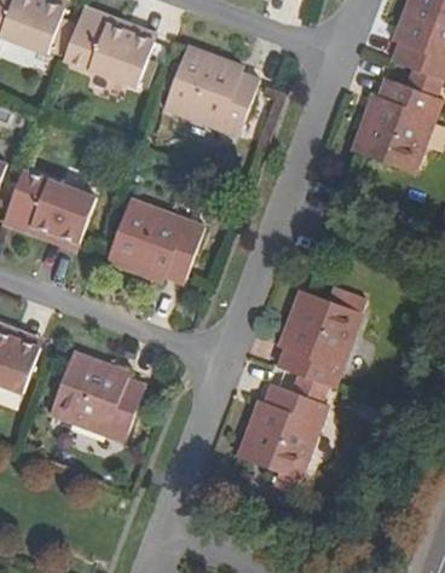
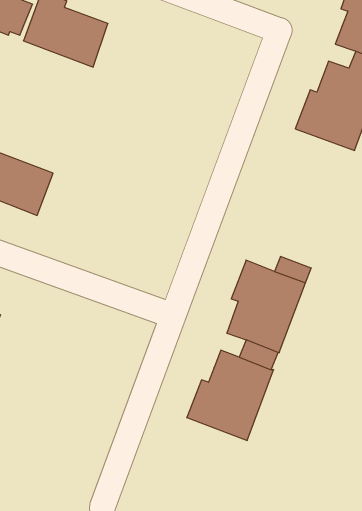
building: [163,45,259,137] -> none
building: [106,197,204,282] -> none
building: [50,352,144,444] -> none

